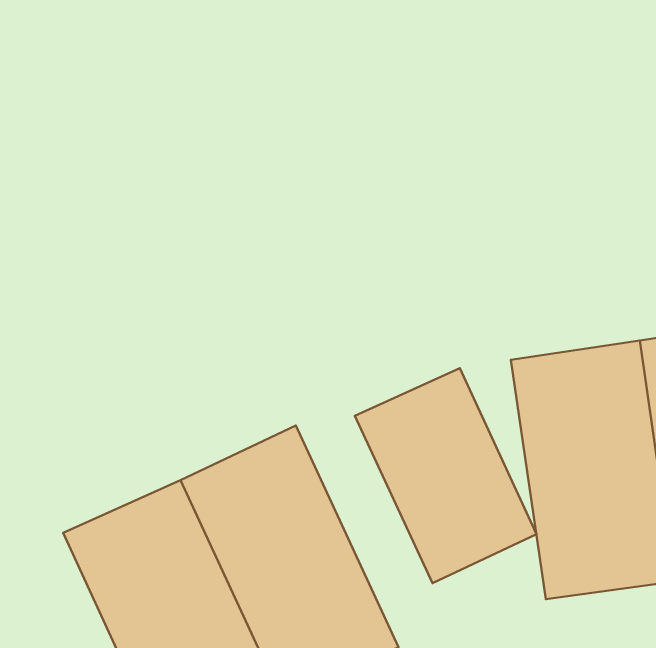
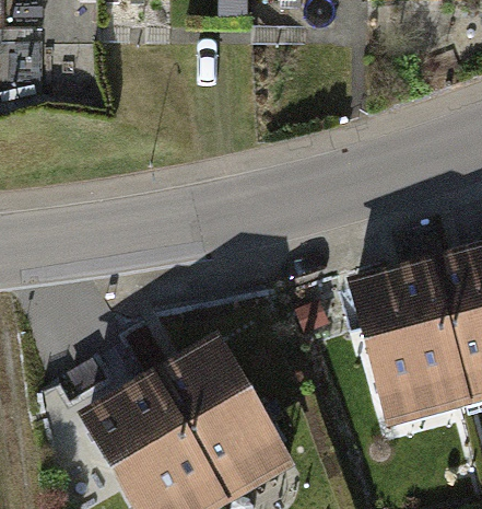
building: [355,368,536,583] -> none

